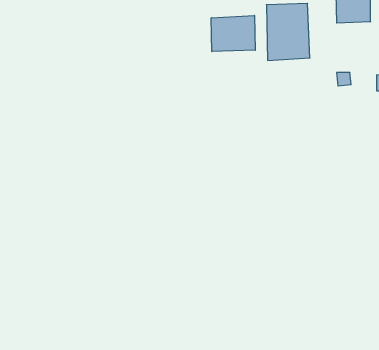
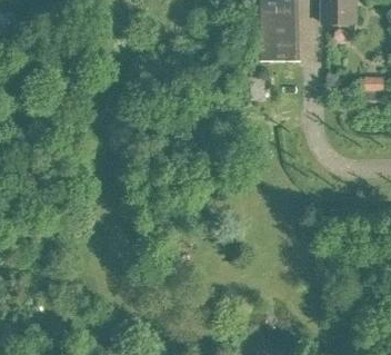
building: [211,15,255,52] -> none

